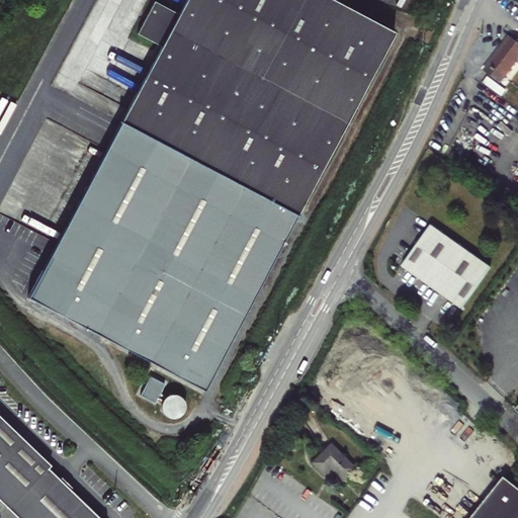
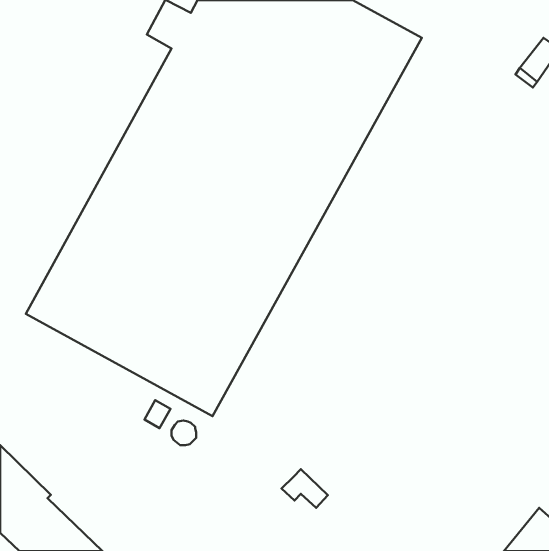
building: [405,226,494,310] -> none
building: [316,444,359,481] -> [282,469,328,508]

